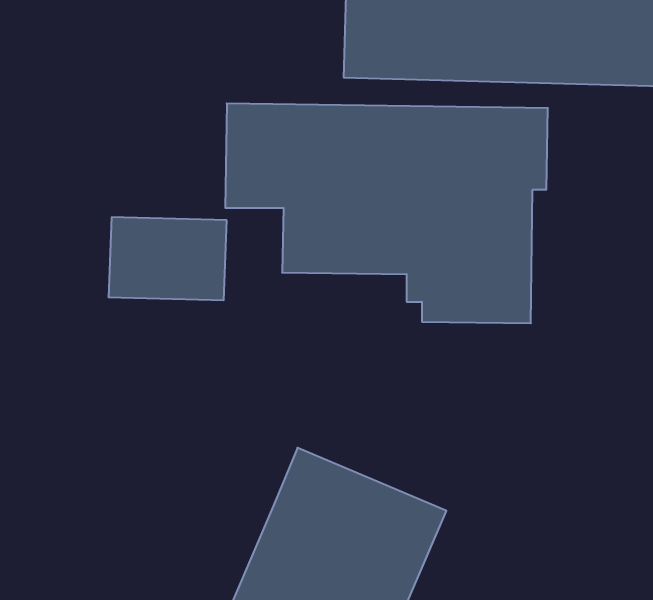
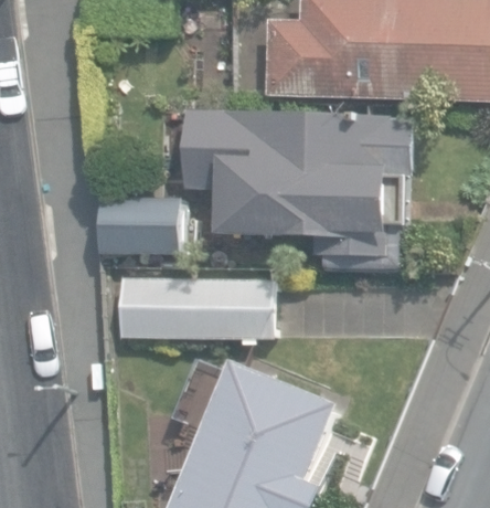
building: none -> [116,276,270,338]

